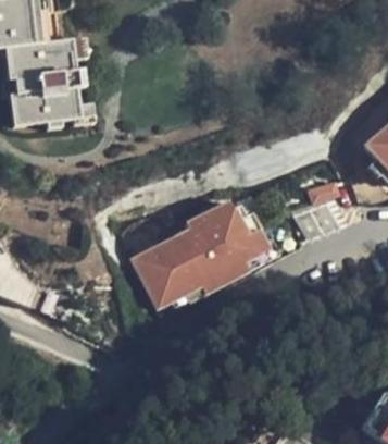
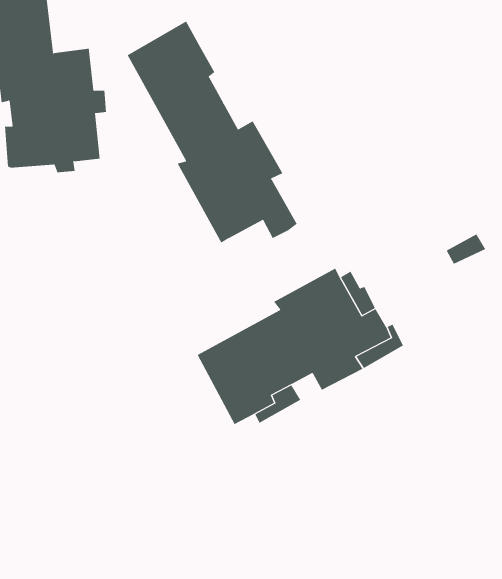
building: none -> [127,21,297,244]

